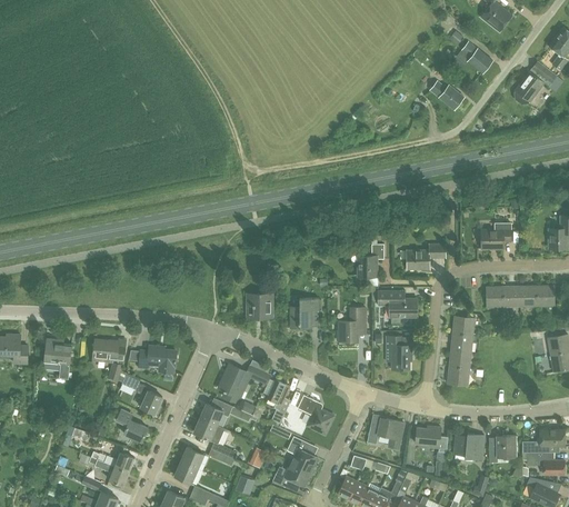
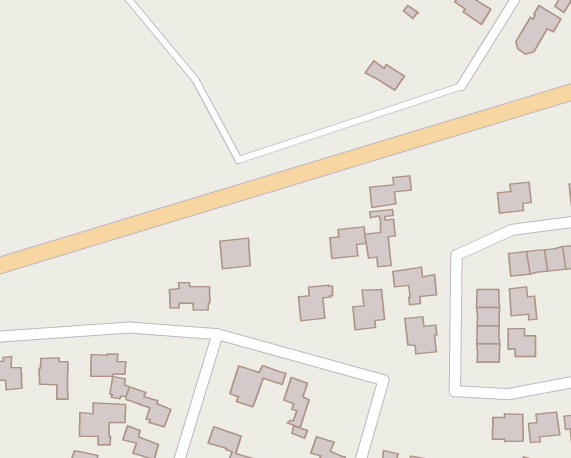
building: [428,80,463,109] -> [365,61,404,90]
building: [407,243,445,269] -> [370,176,411,208]
building: none -> [330,227,366,259]
building: [246,292,272,318] -> [220,238,250,269]
building: none -> [509,287,537,320]
building: [138,345,176,372] -> [170,283,210,310]
building: none -> [508,329,535,357]
building: none -> [80,403,125,445]
building: [297,395,333,434] -> none
building: [199,398,251,425] -> none
building: [366,414,403,448] -> none
building: [415,426,447,453] -> none

